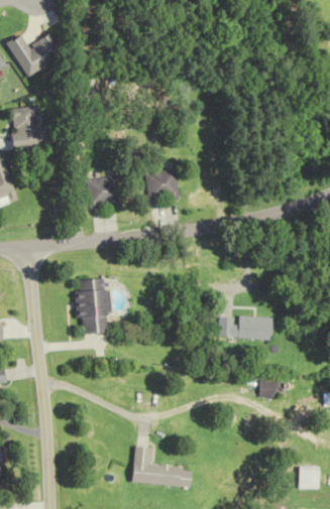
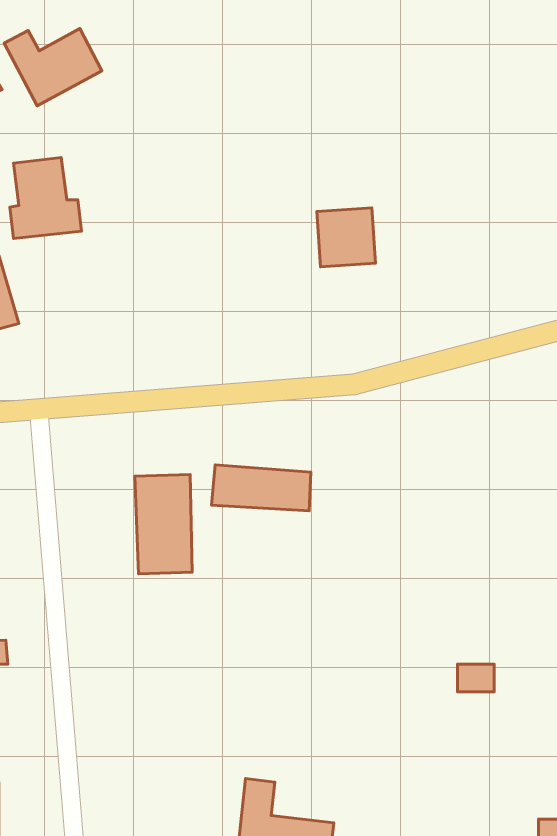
building: [141,169,174,202] -> [317,208,376,267]
building: [84,173,119,209] -> none
building: [213,314,267,340] -> [211,465,311,511]

